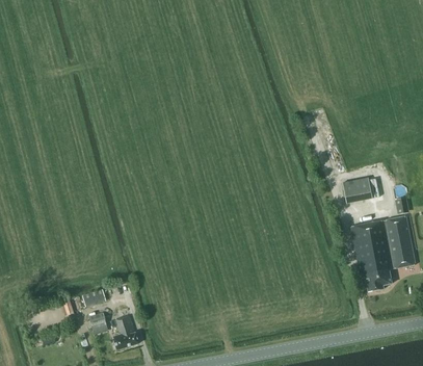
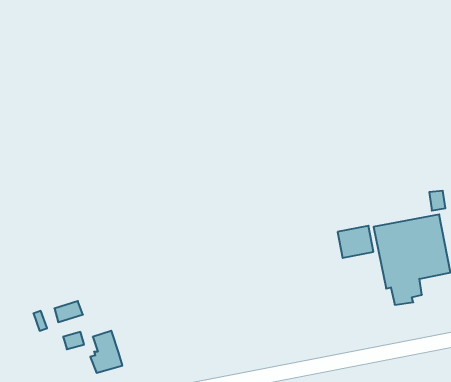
building: [342,176,372,203] -> [338,226,373,258]

